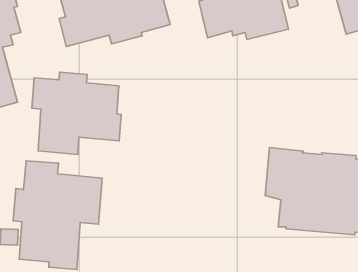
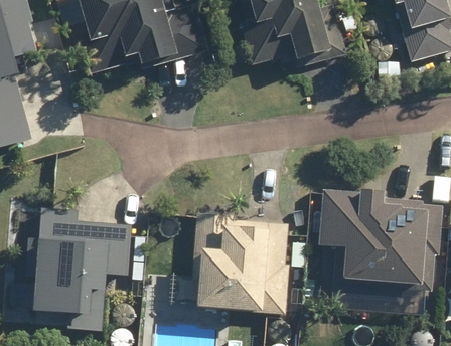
building: [32,72,121,154] -> none
building: none -> [191,214,288,320]

